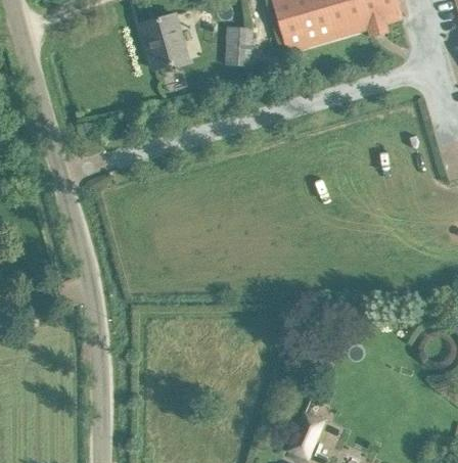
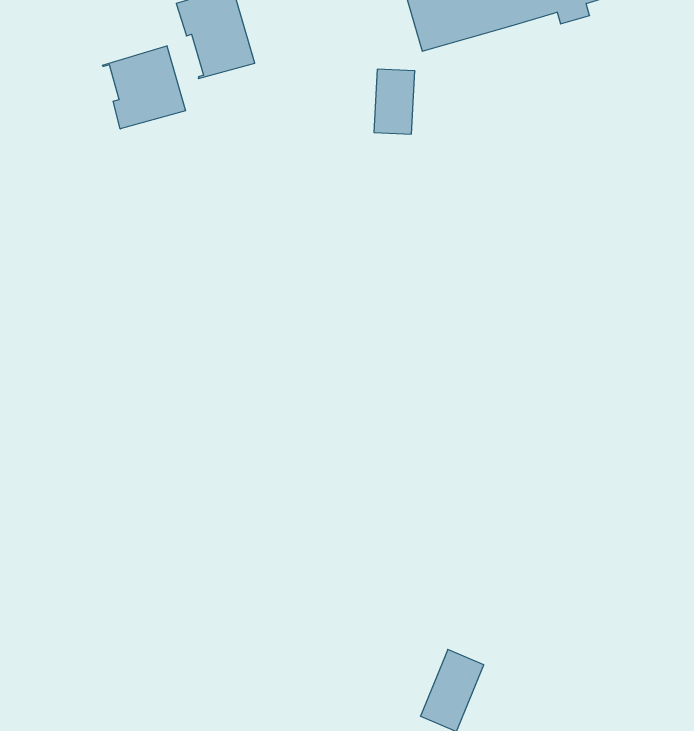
building: [226,27,250,65] -> [374,69,415,134]
building: none -> [102,46,186,129]

